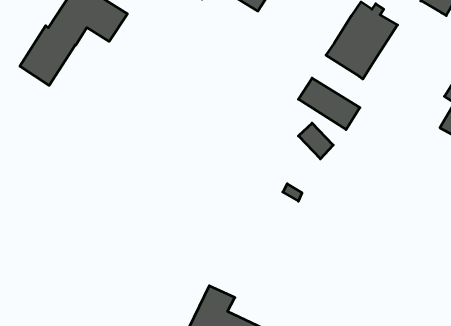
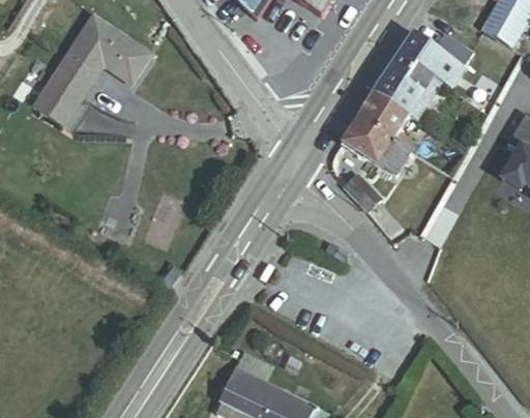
building: none -> [359,93,415,151]

